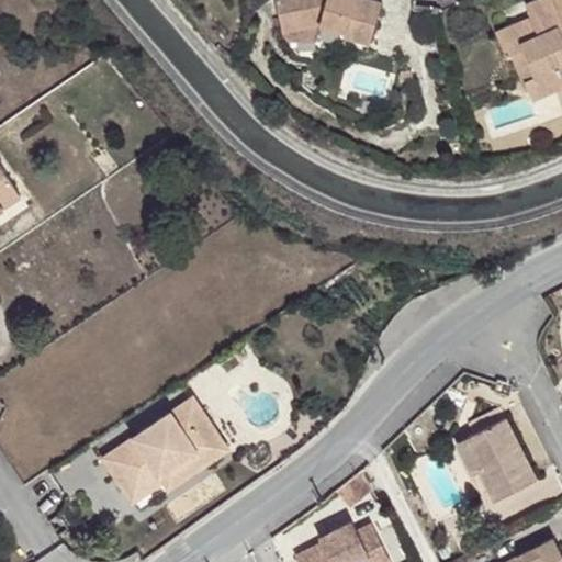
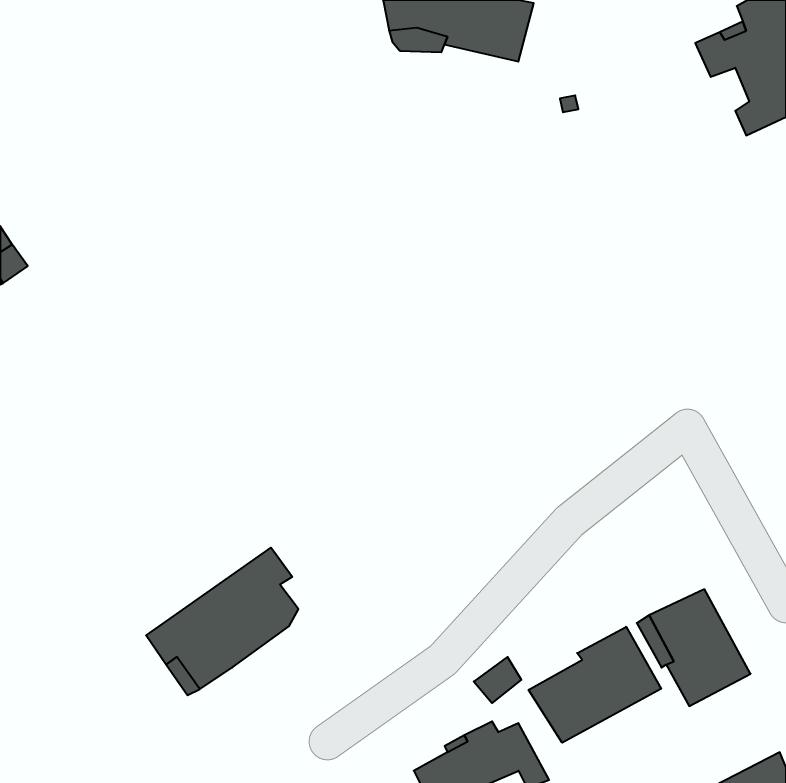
building: [166,414,231,487] -> none
building: none -> [529,627,661,743]

